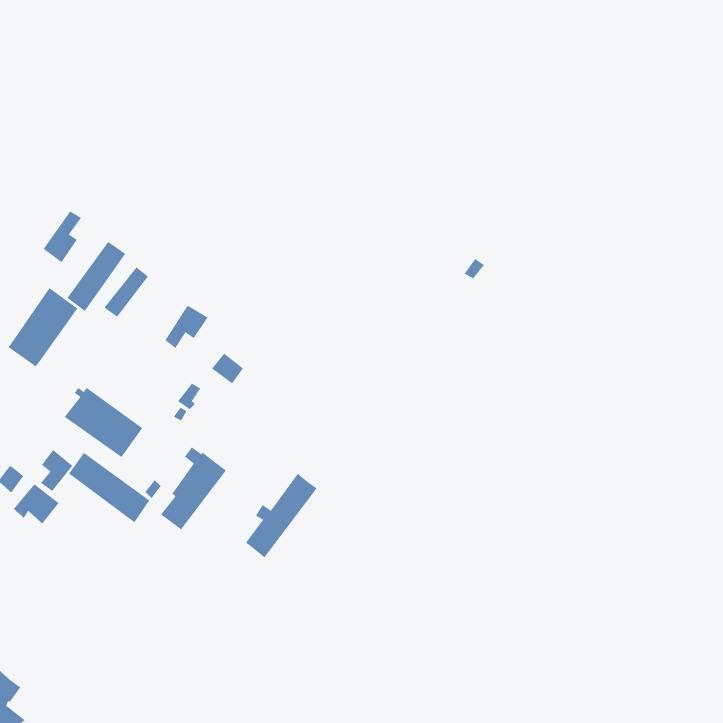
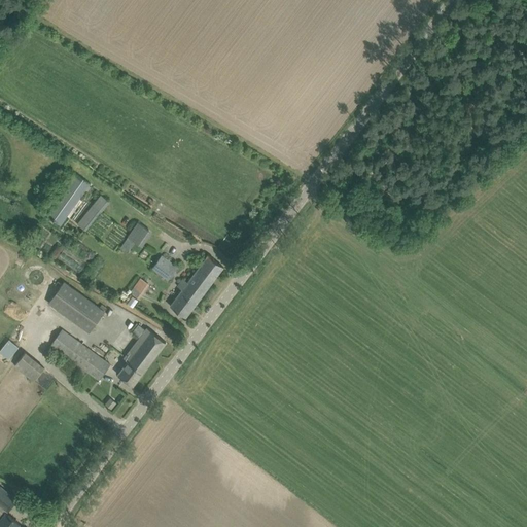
building: [43,211,82,263] -> none
building: [8,287,78,367] -> none
building: [40,449,73,492] -> none
building: [245,473,317,558] -> [170,256,222,318]

